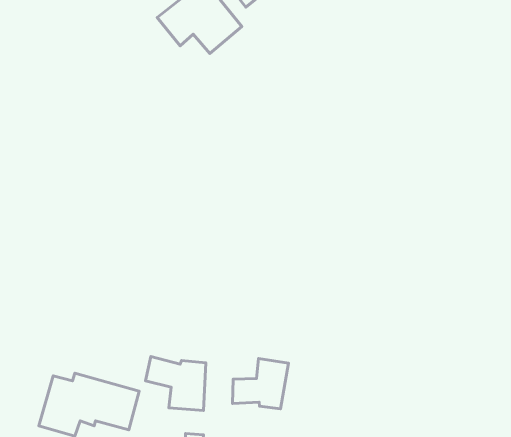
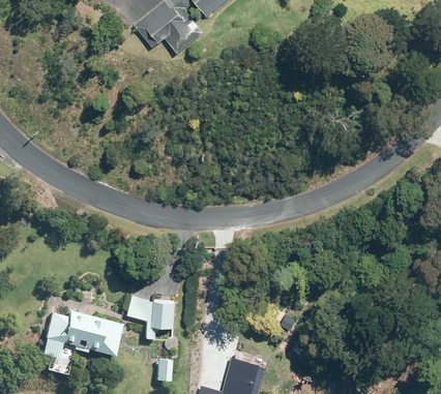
building: [232,358,289,409] -> none

